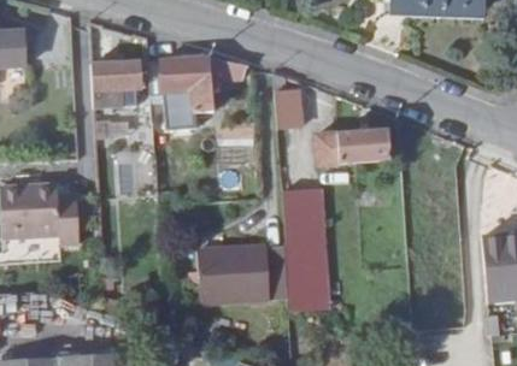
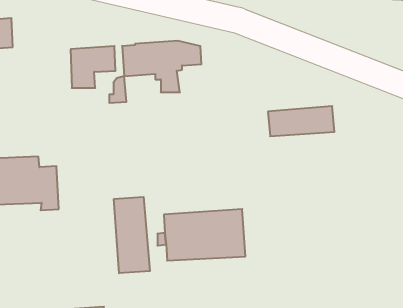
building: [274,72,304,130] -> none
building: [282,189,330,311] -> none
building: none -> [114,197,150,273]

